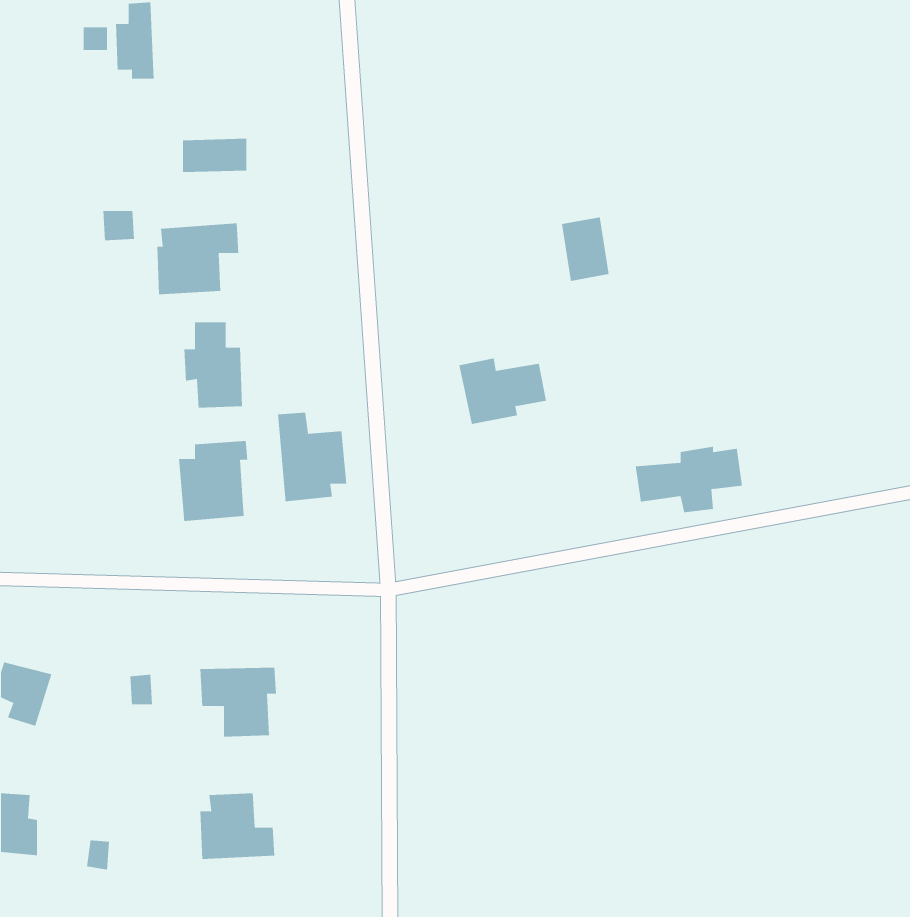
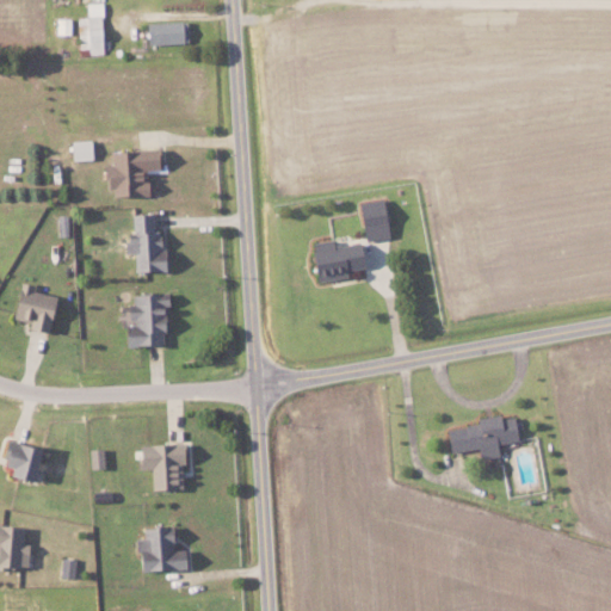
building: [182,138,247,172] -> [149,21,192,44]
building: [561,217,610,281] -> [360,199,393,242]
building: [278,412,347,502] -> none
building: none -> [13,283,60,334]
building: [635,446,743,513] -> [449,415,520,459]

